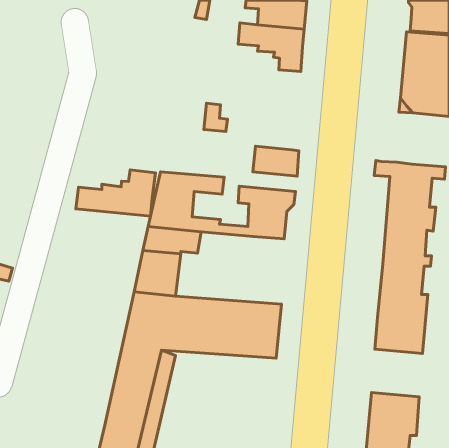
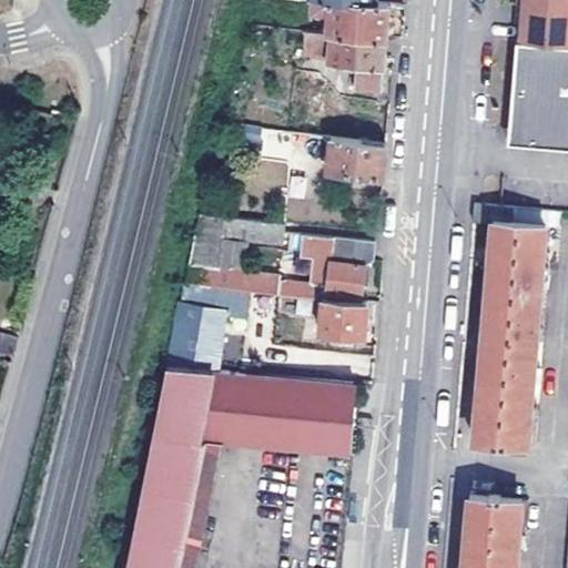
building: [253,146,299,176] -> [324,141,382,179]
building: [76,170,156,216] -> none
building: none -> [316,301,364,337]

